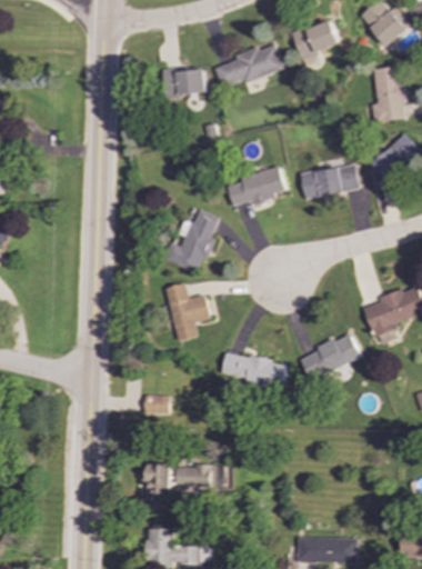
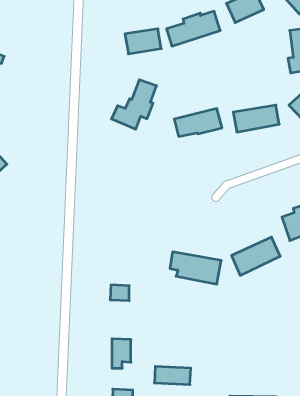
building: [161,208,219,271] -> [111,80,157,129]
building: [164,282,208,340] -> none
building: [174,463,221,487] -> [154,366,191,385]

